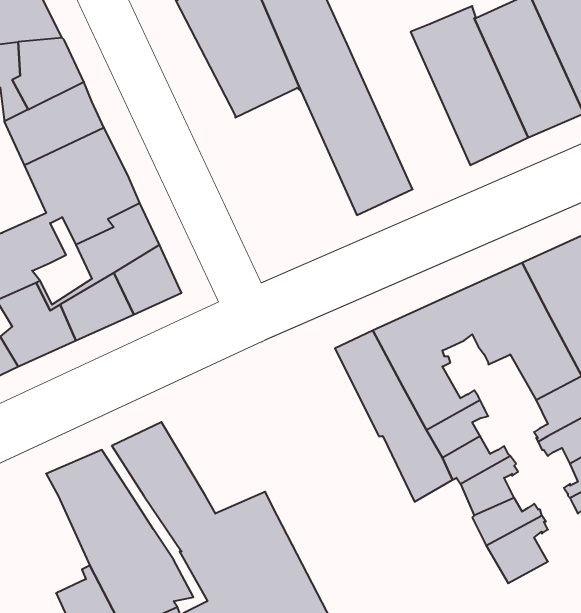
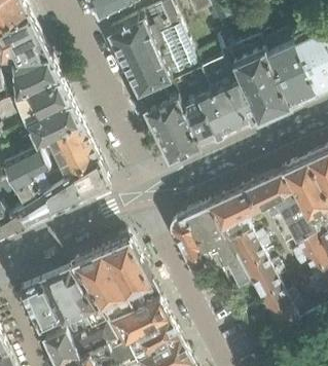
building: none -> [195,44,258,131]
building: none -> [137,78,199,157]
building: none -> [170,213,211,268]
building: none -> [99,241,152,298]
building: none -> [20,278,62,339]

